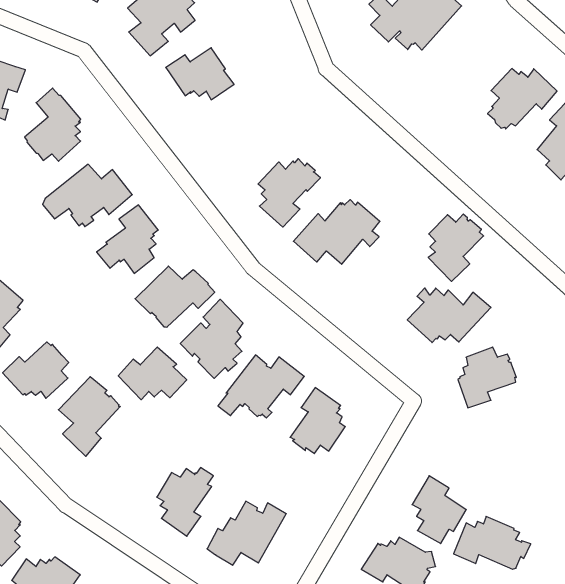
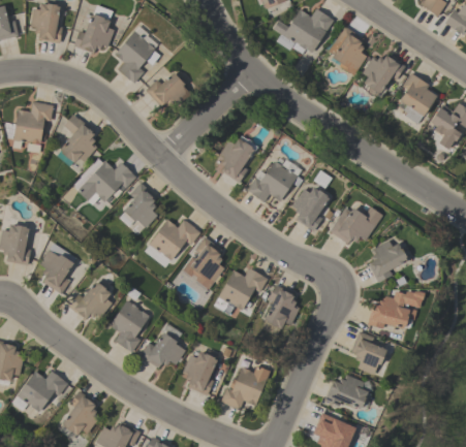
building: none -> [329,26,367,75]
building: [428,214,484,281] -> [293,187,330,232]
building: [118,347,187,400] -> [141,332,186,369]
building: [454,516,531,569] -> [368,296,417,328]

